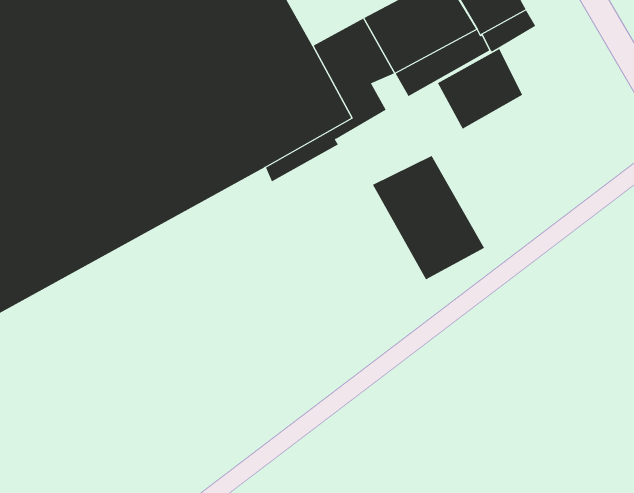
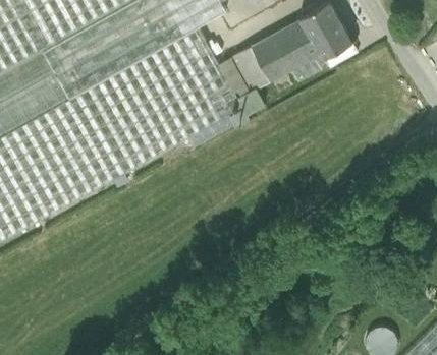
building: [437,48,523,129] -> none
building: [372,155,485,280] -> none

